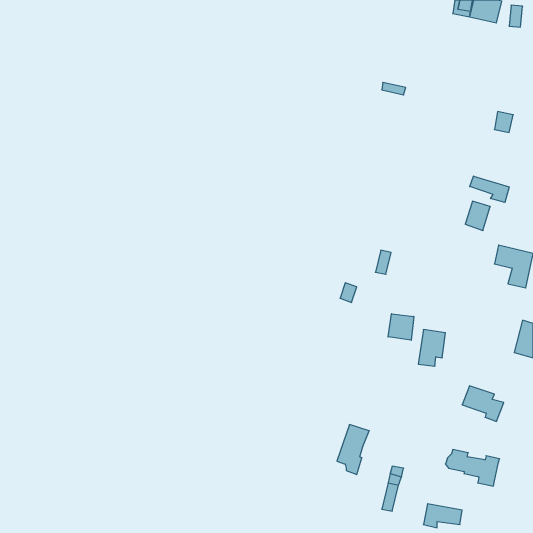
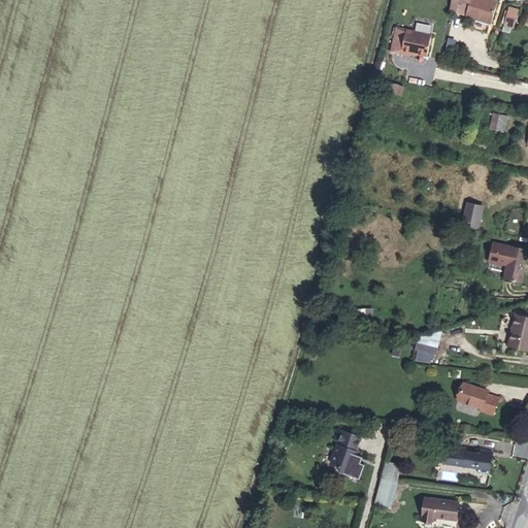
building: none -> [402,29,432,57]
building: [470,176,509,202] -> none
building: [388,314,414,340] -> none

